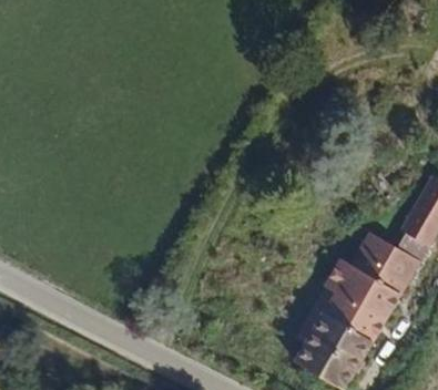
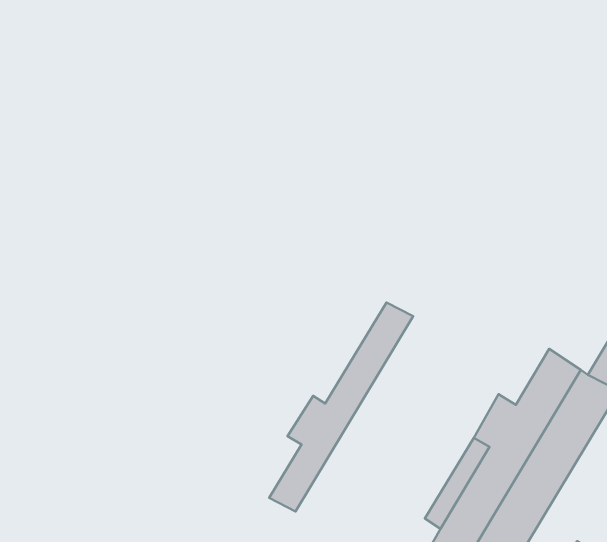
building: none -> [269,303,413,512]

